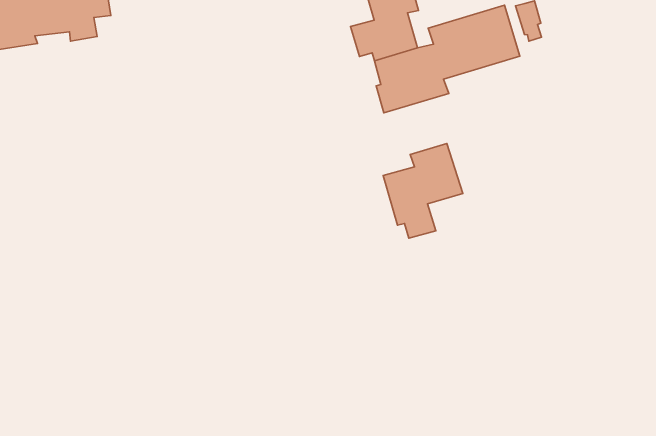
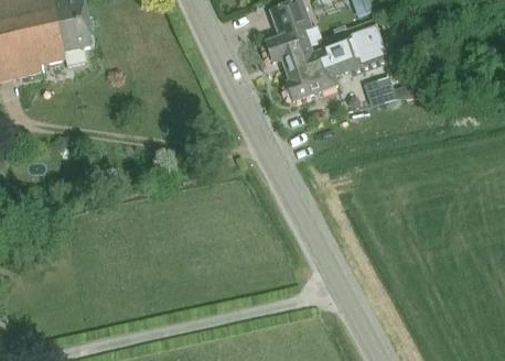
building: none -> [362,76,396,107]
building: [383,143,463,238] -> none

